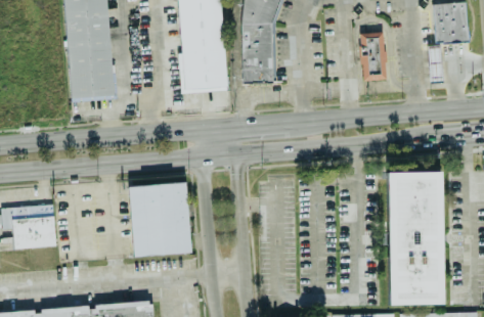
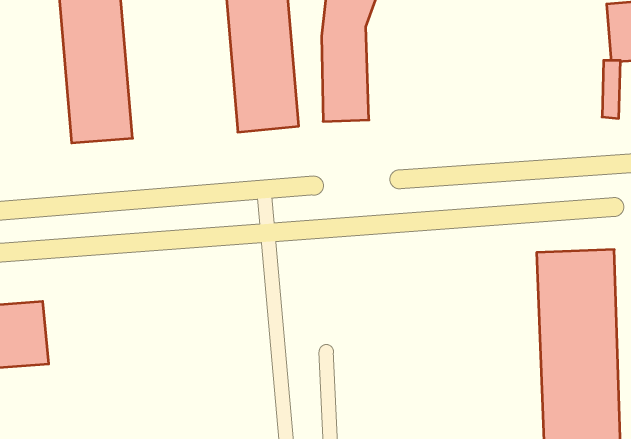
building: [361,33,387,81] -> none
building: [131,184,191,258] -> none

